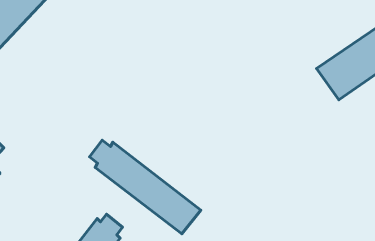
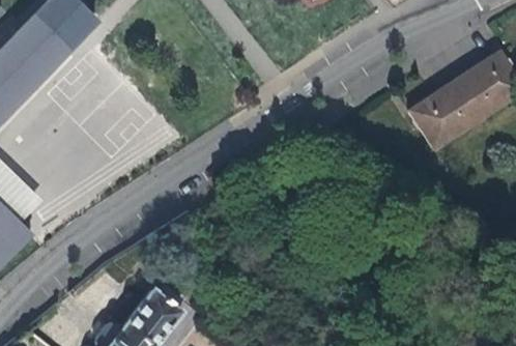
building: [89,140,201,234] -> none

